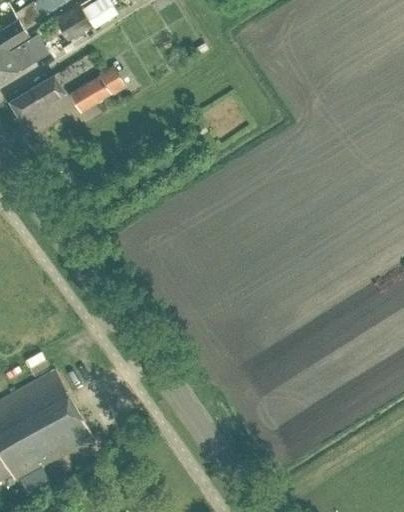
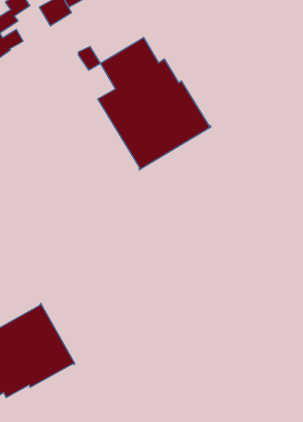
building: none -> [98,37,211,170]
building: [68,76,111,112] -> none
building: [11,77,65,119] -> none

